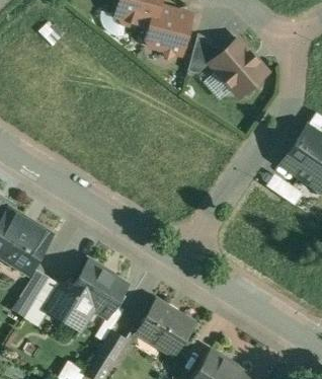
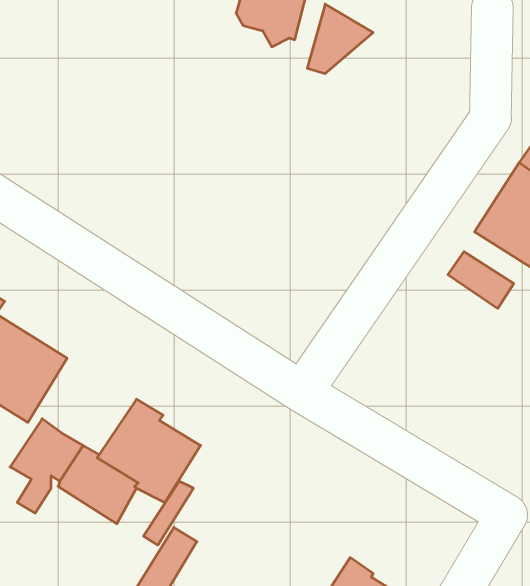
building: [211,39,267,96] -> none
building: [137,300,193,355] -> none

